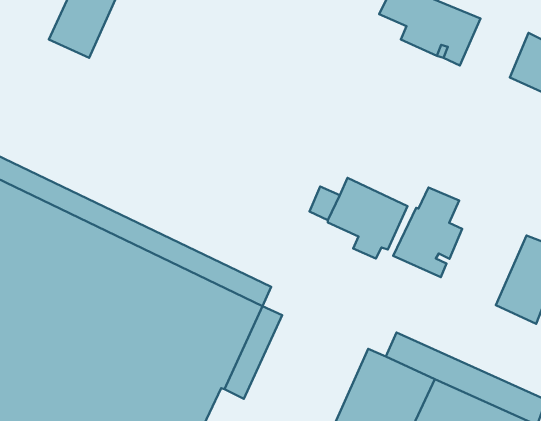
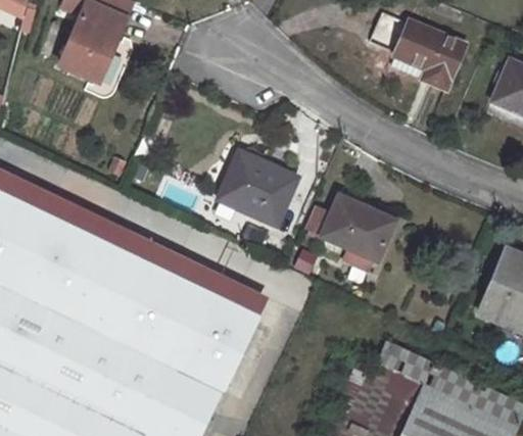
building: none -> [218,151,295,226]
building: [393,188,462,277] -> none

